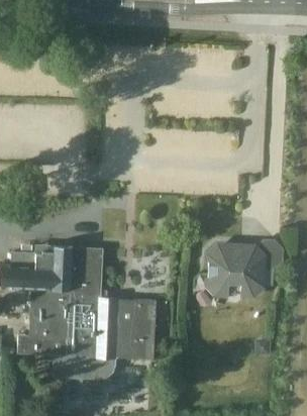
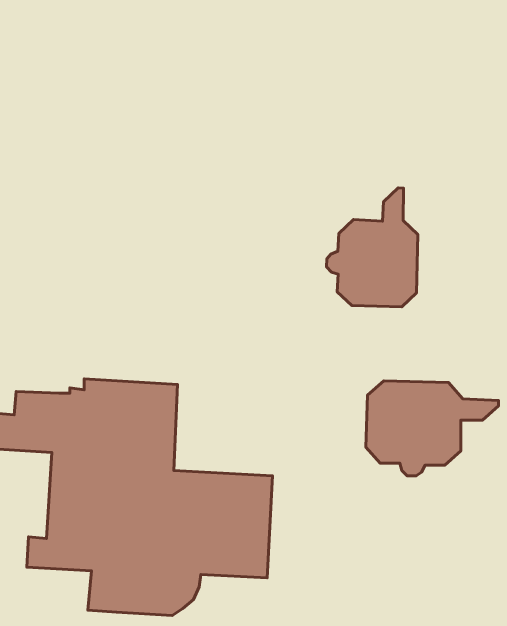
building: none -> [327,188,418,307]

